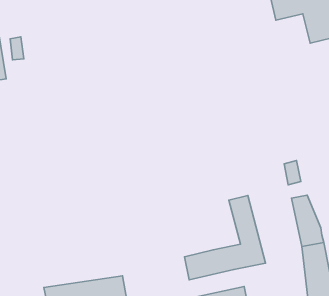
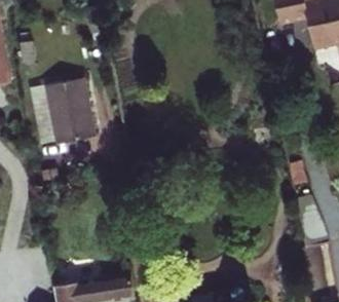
building: none -> [44,79,96,145]
building: [184,196,265,280] -> none

